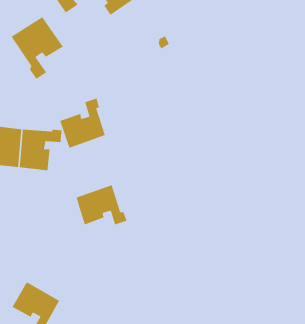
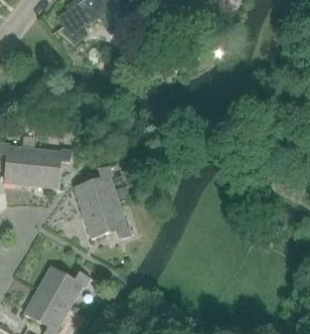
building: [10,16,64,80] -> none
building: [59,98,106,149] -> [74,164,118,211]
building: none -> [38,265,91,307]

